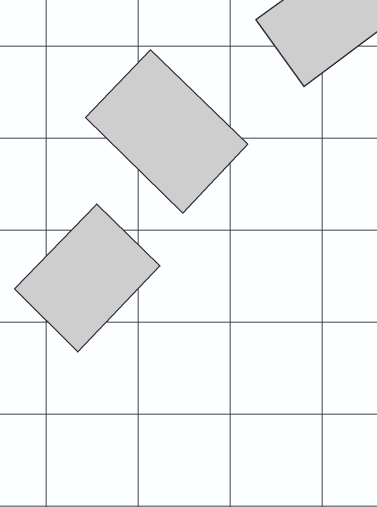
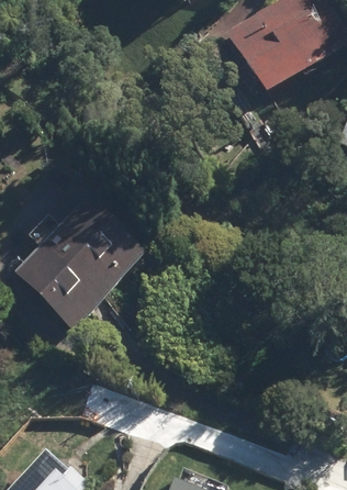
building: [86,50,248,213] -> none

